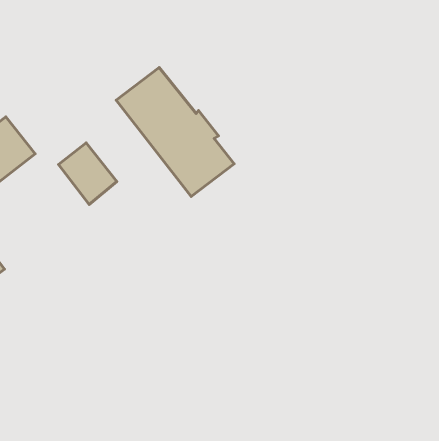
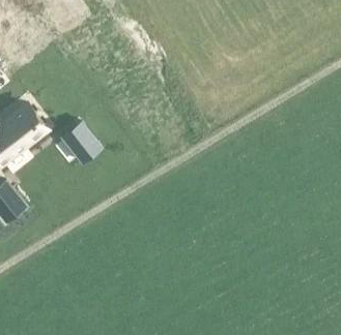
building: [116,67,234,196] -> none

